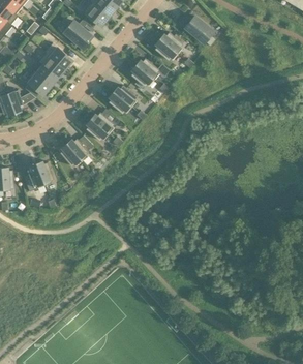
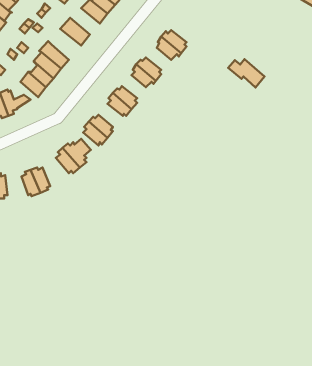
building: [178,16,212,42] -> [228,59,264,88]

